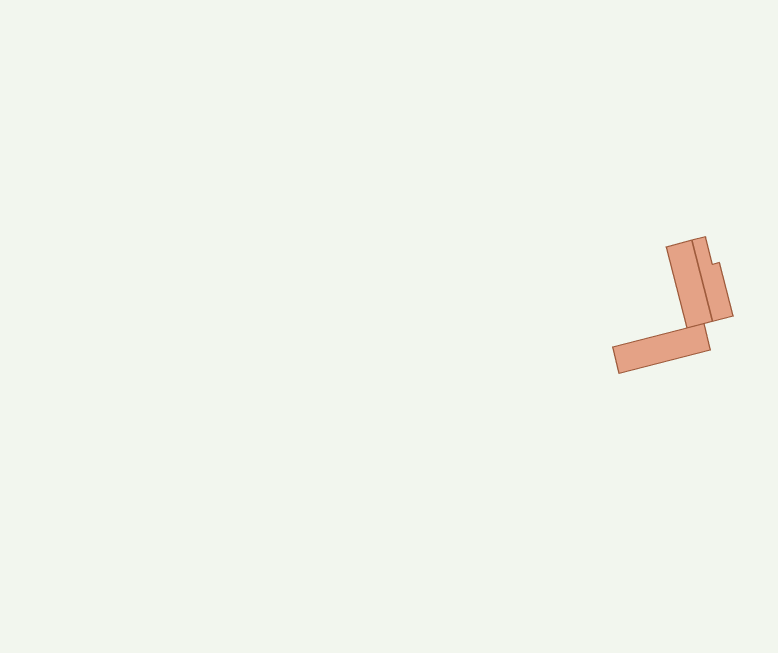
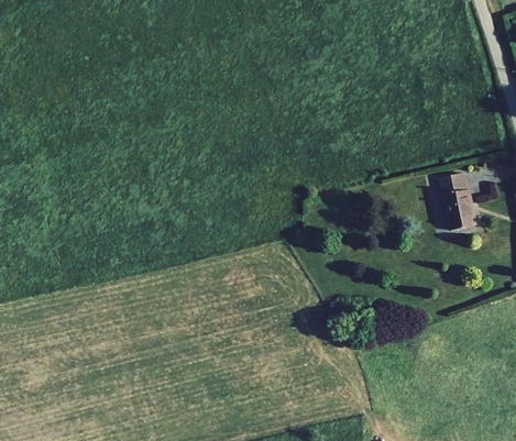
building: [613,324,710,373] -> none

